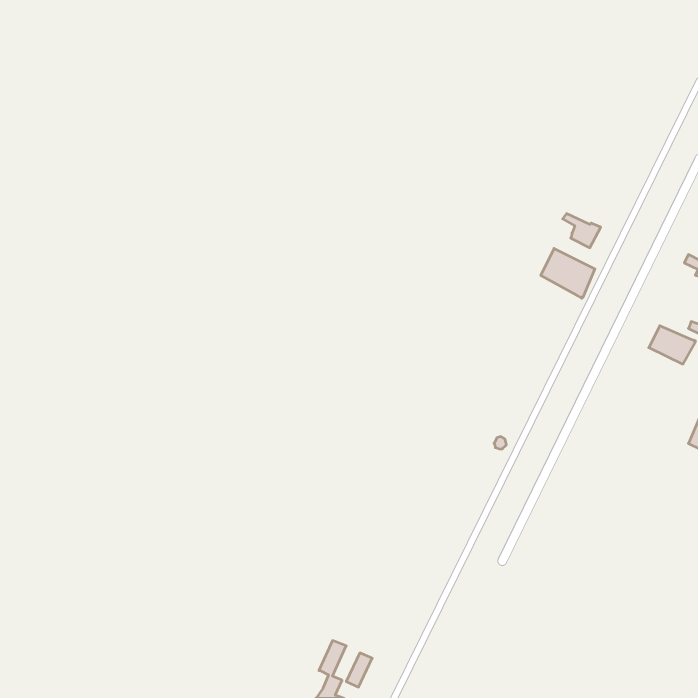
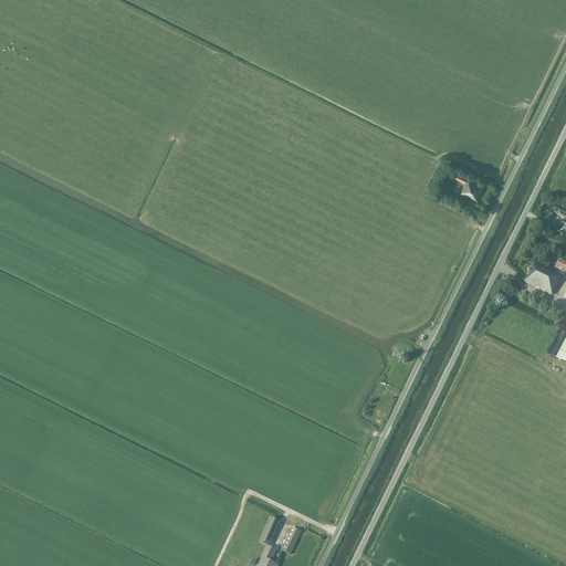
building: [541,248,595,298] -> none

